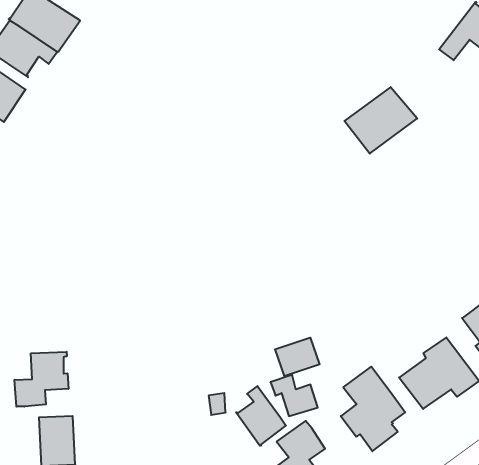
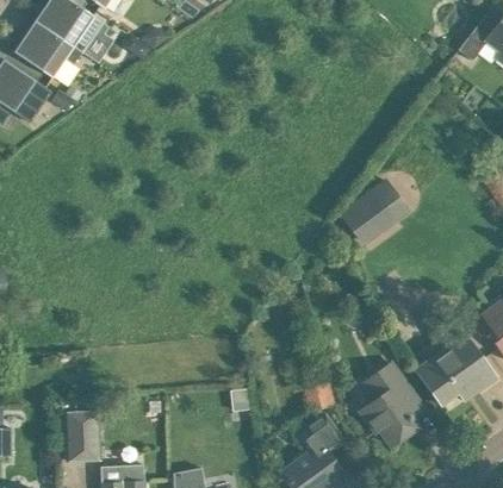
building: [344,87,417,154] -> [339,180,410,245]
building: [275,338,320,376] -> none
building: [15,352,68,407] -> none
building: [236,386,286,446] -> none

